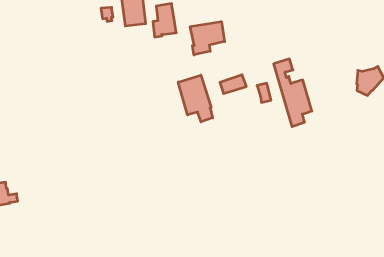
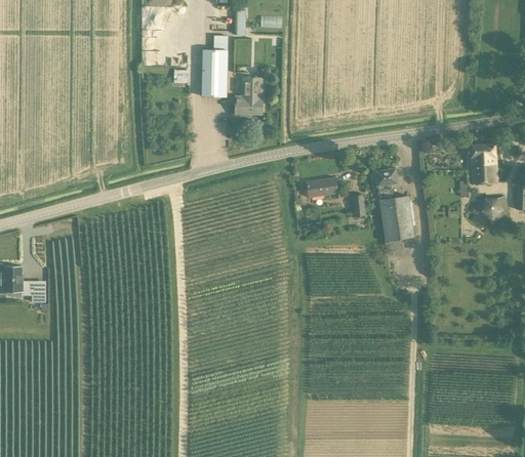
building: [190,22,225,55] -> none
building: none -> [470,144,496,183]
building: [178,75,213,122] -> none

